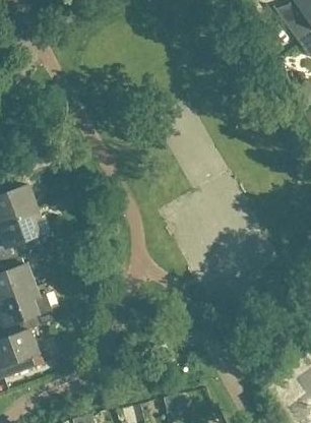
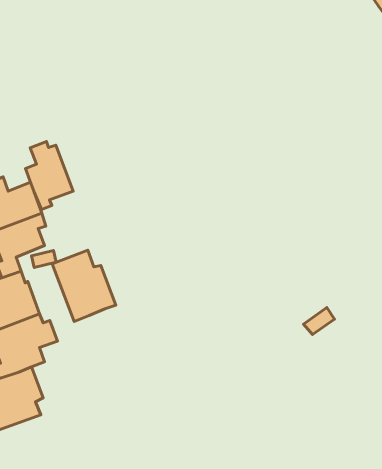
building: none -> [26,142,73,209]
building: none -> [52,250,116,321]

